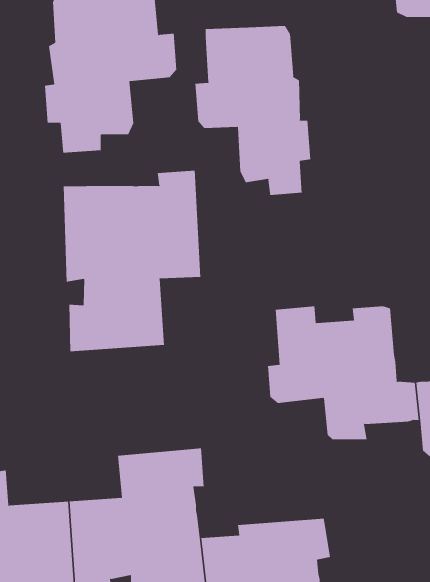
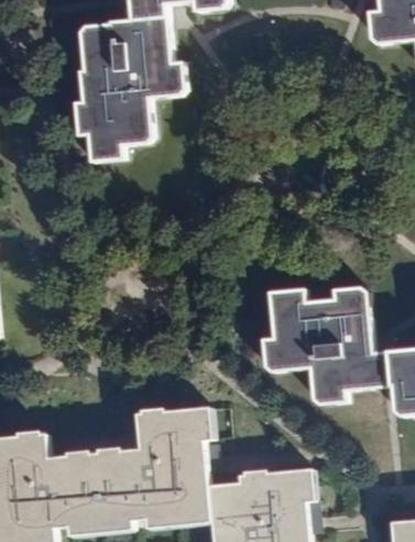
building: [195,25,311,196] -> none
building: [63,170,201,352] -> none

